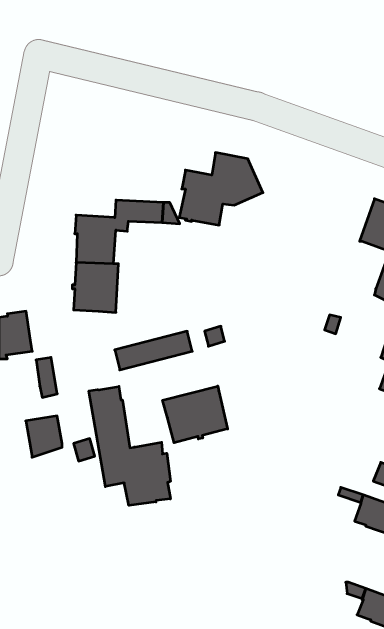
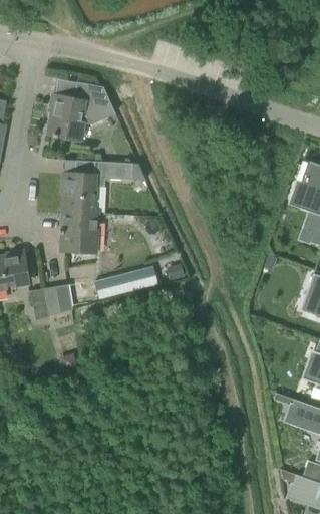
building: [179,153,263,225] -> [48,81,115,140]
building: [163,386,228,443] -> none
building: [89,386,170,505] -> none
building: [26,416,62,457] -> [43,284,72,317]

